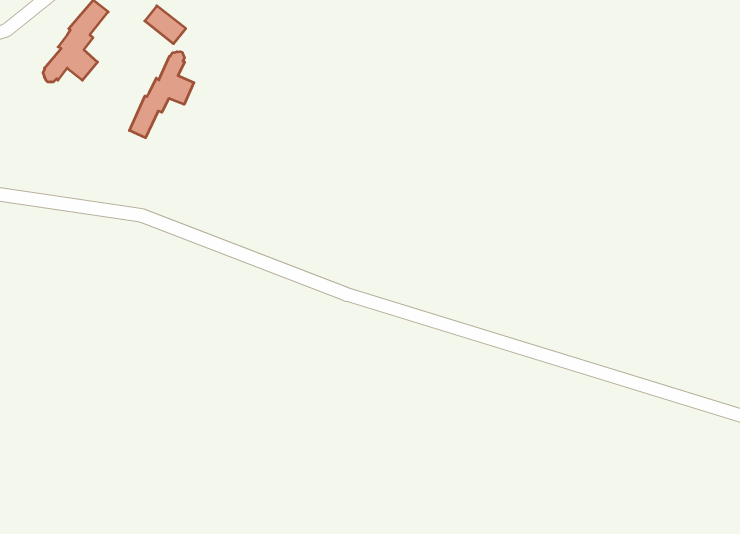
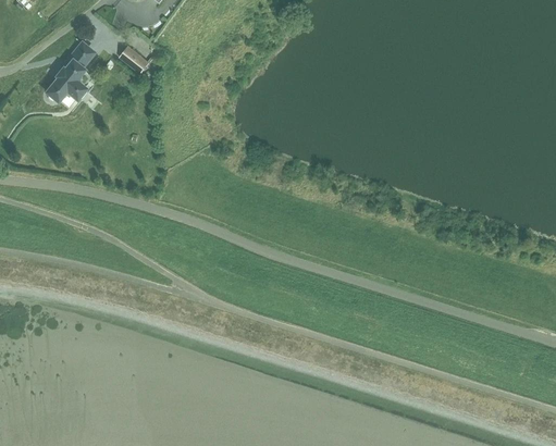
building: [129,52,194,138] -> none

